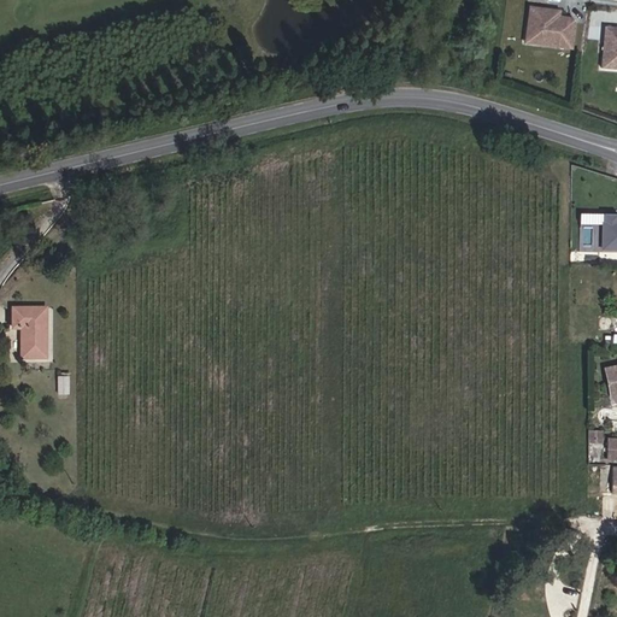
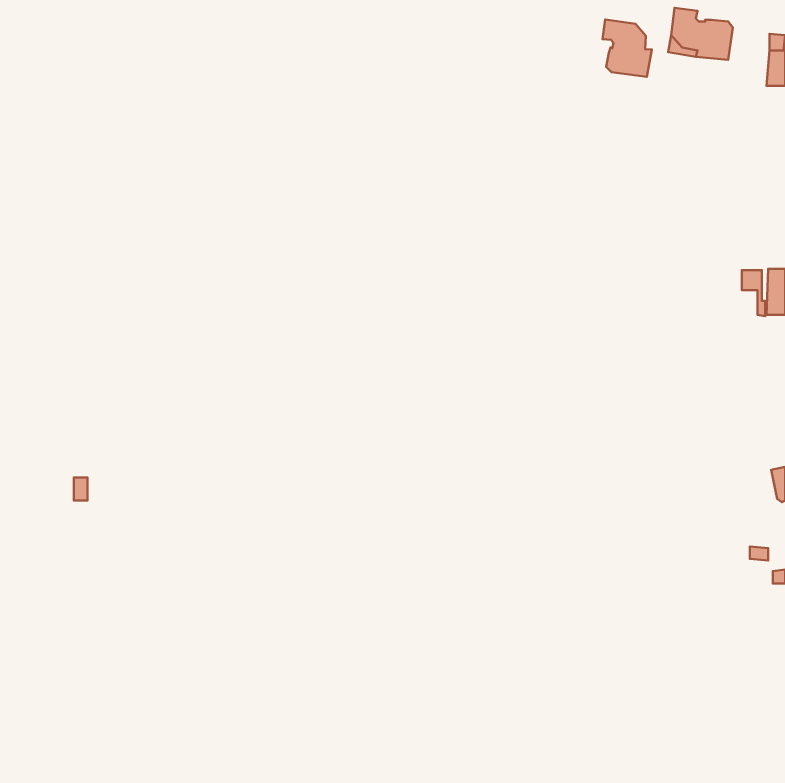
building: none -> [603,19,652,77]
building: [12,306,46,357] -> none

